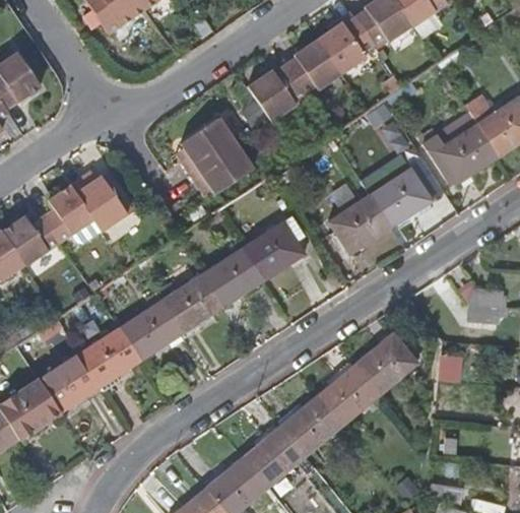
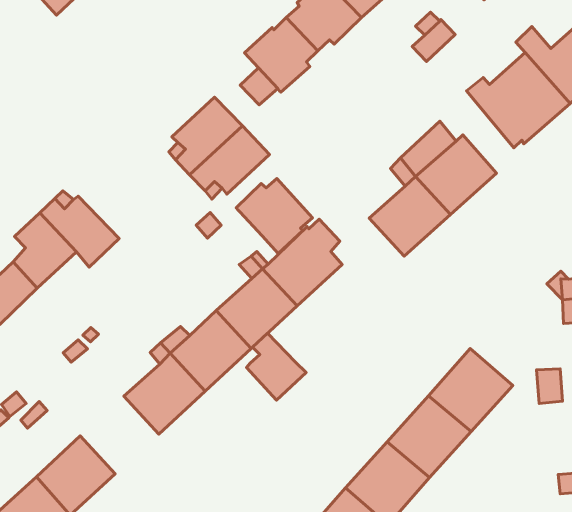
building: none -> [236,179,313,253]
building: none -> [247,333,306,400]
building: [77,331,138,390] -> none

